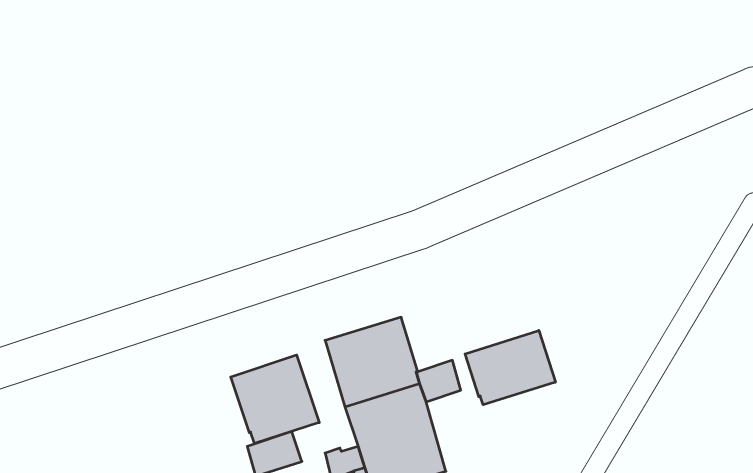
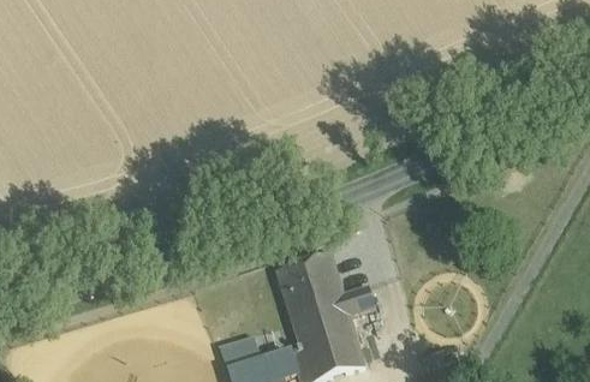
building: [465,330,555,405] -> none
building: [231,355,319,444] -> none

